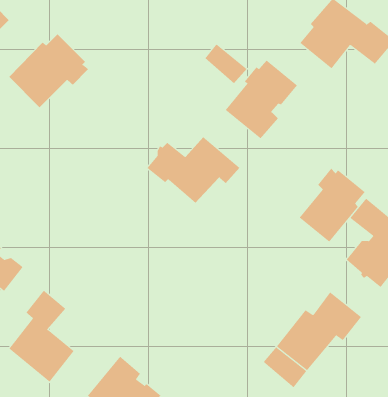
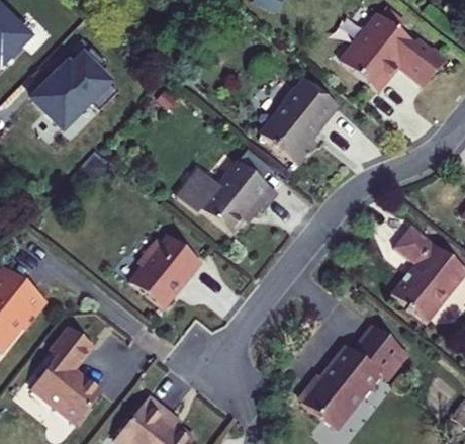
building: [205,43,248,84] -> none
building: [299,168,365,242] -> none
building: none -> [128,237,203,309]

